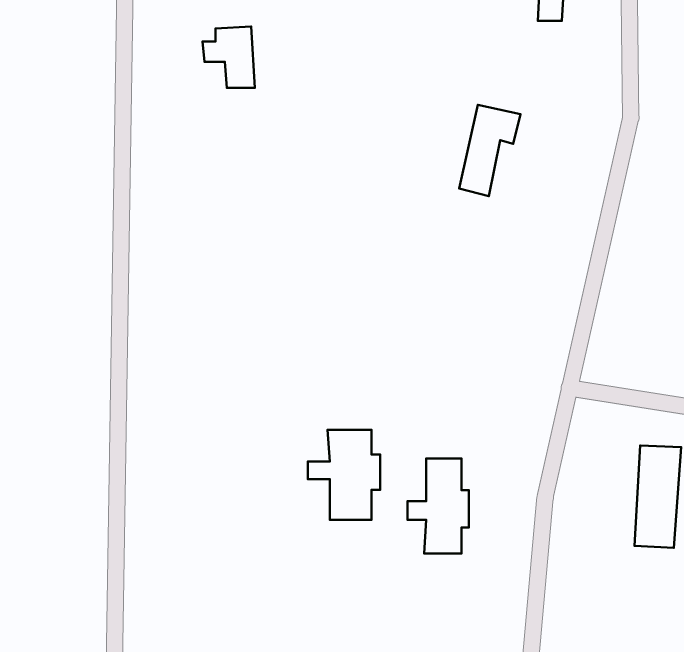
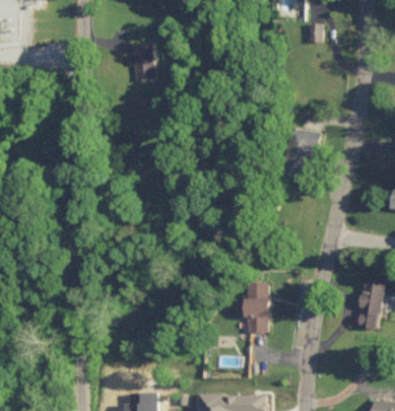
building: [459,105,521,196] -> [286,130,320,180]
building: [308,430,380,520] -> none

